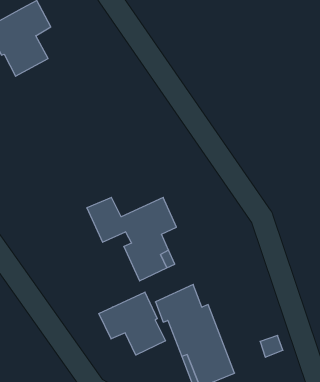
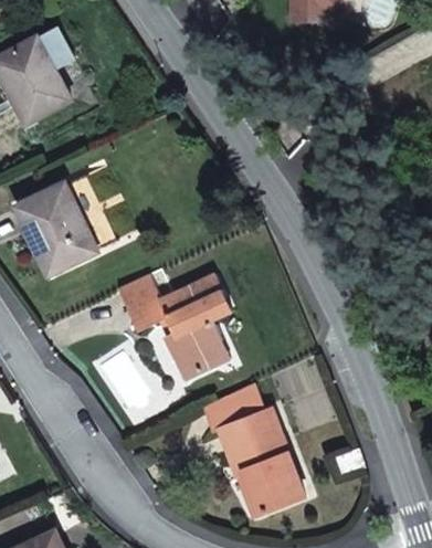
building: none -> [18,185,95,273]
building: [99,292,165,355] -> none

